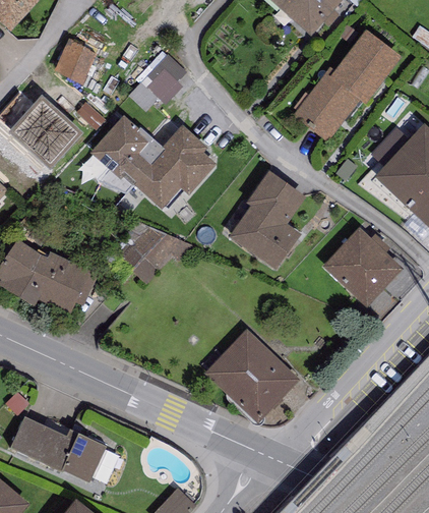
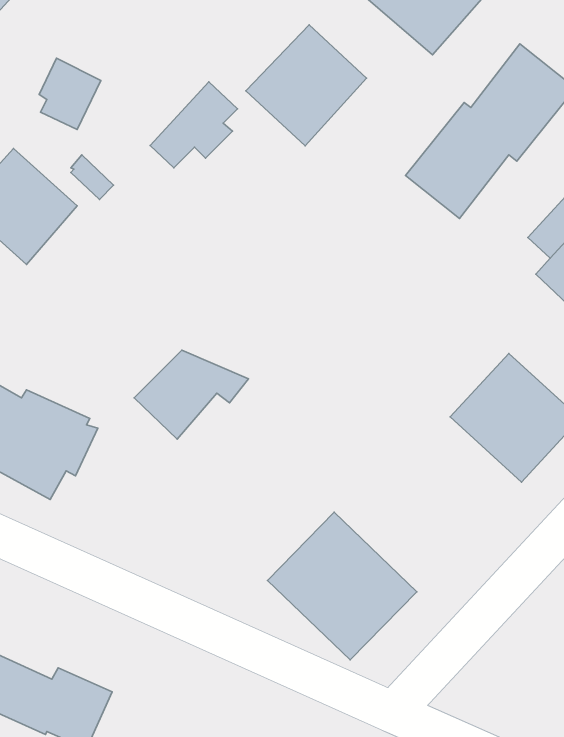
building: none -> [246,25,367,146]
building: [90,116,217,209] -> none
building: [231,170,306,267] -> none

